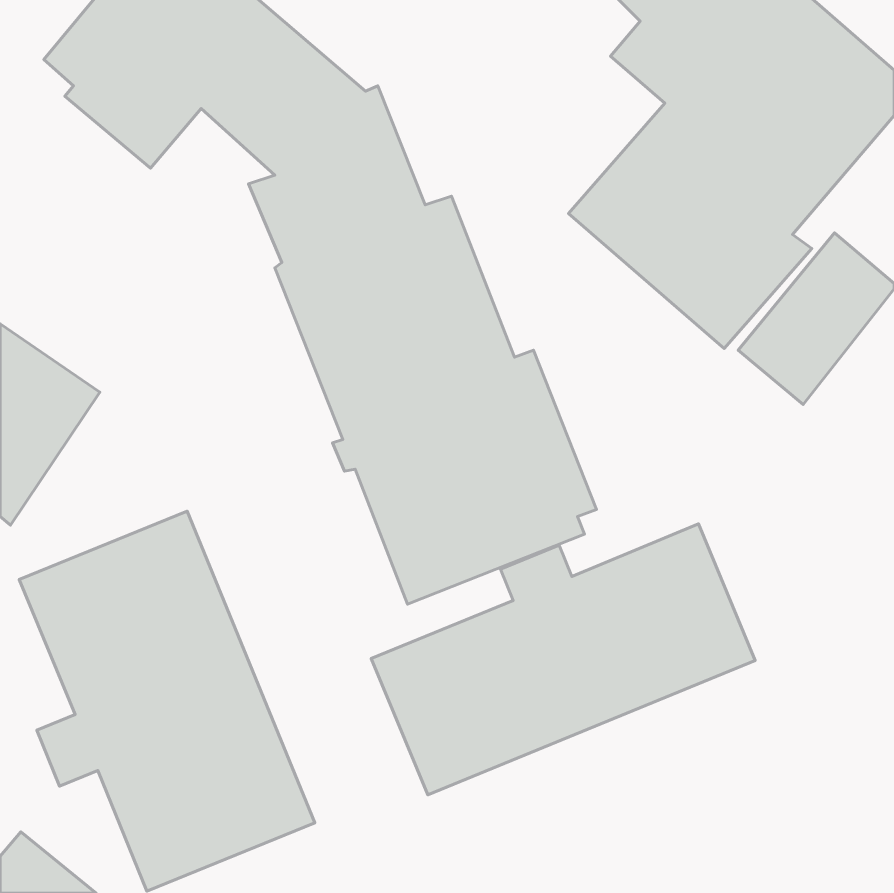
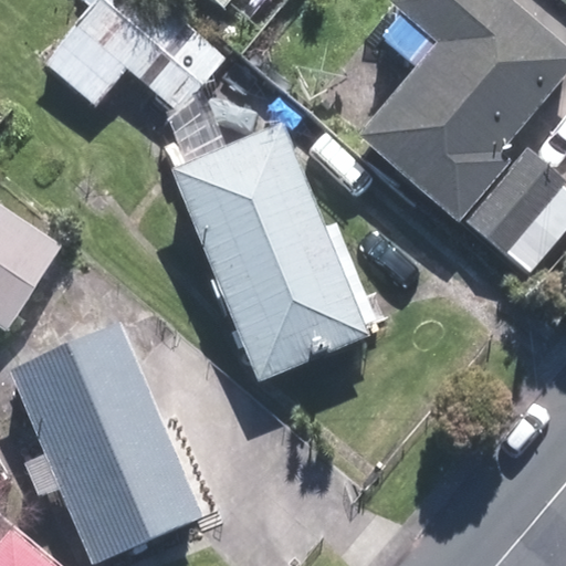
building: [371,524,755,795] -> none

